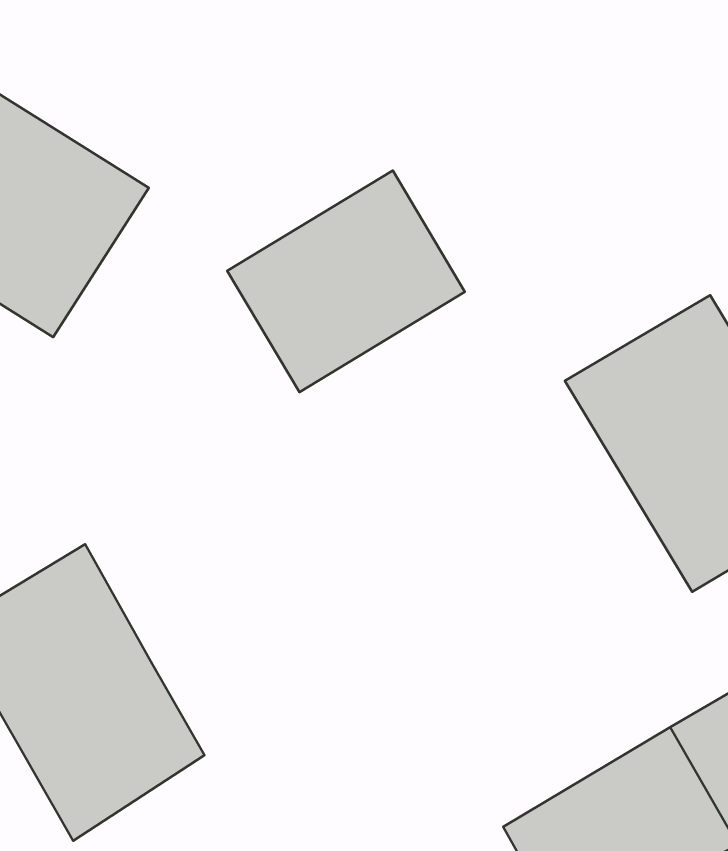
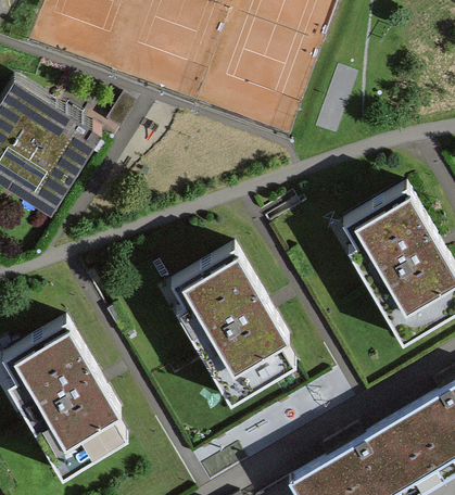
building: [227,171,465,392] -> none
building: none -> [162,249,303,406]

